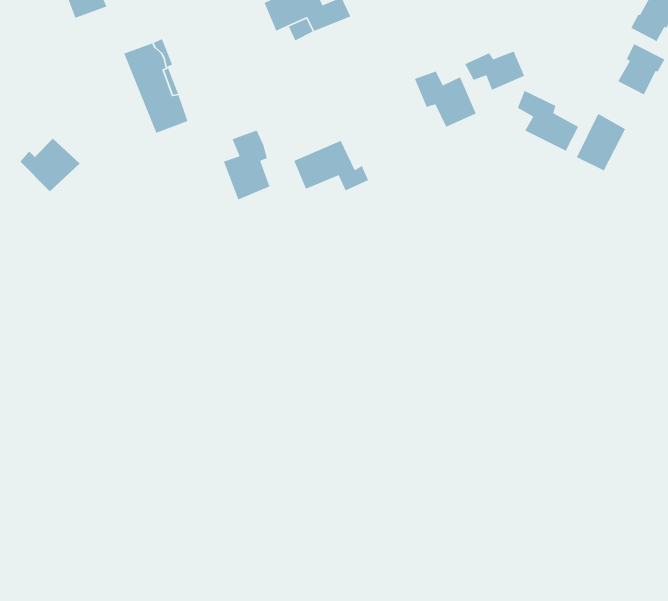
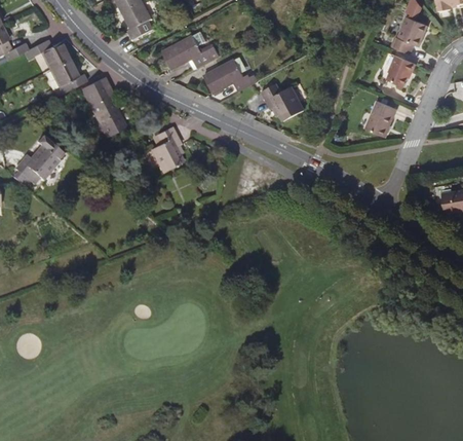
building: none -> [49,61,86,93]
building: [464,51,525,91] -> none
building: [517,90,579,152] -> none
building: [293,140,369,192] -> [206,58,255,90]

